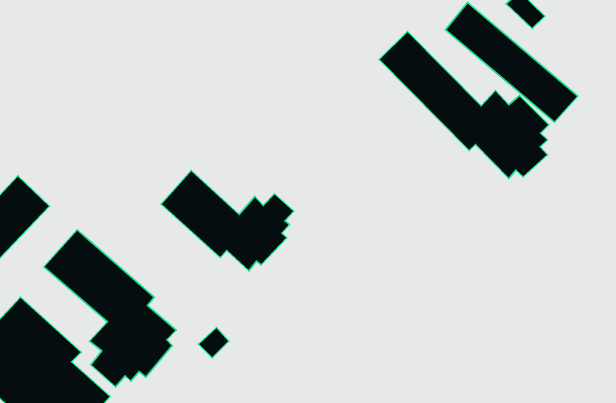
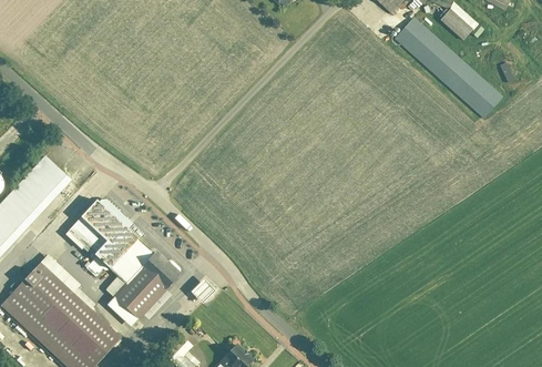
building: [379,31,549,179] -> none
building: [161,171,294,271] -> none

